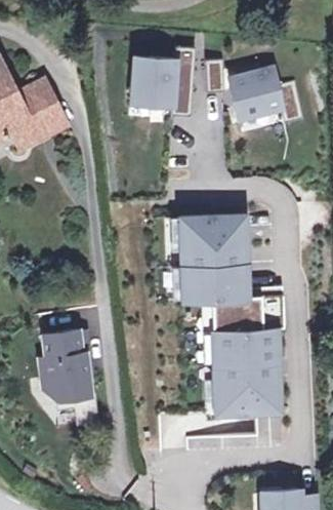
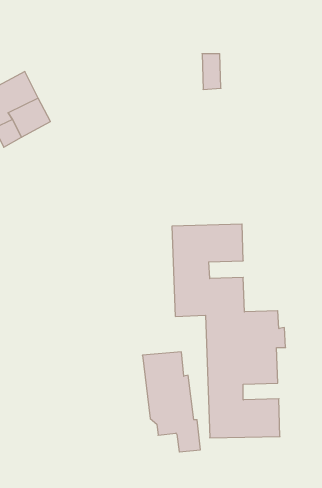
building: [131,46,197,116] -> none
building: [230,68,304,124] -> none
building: [43,338,96,430] -> [142,352,200,452]

